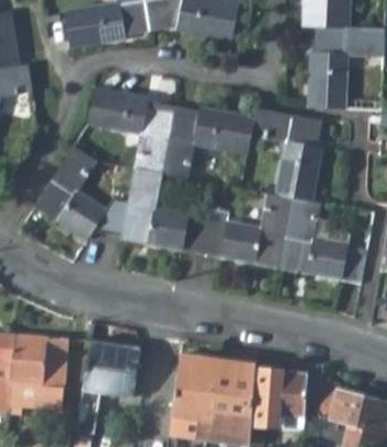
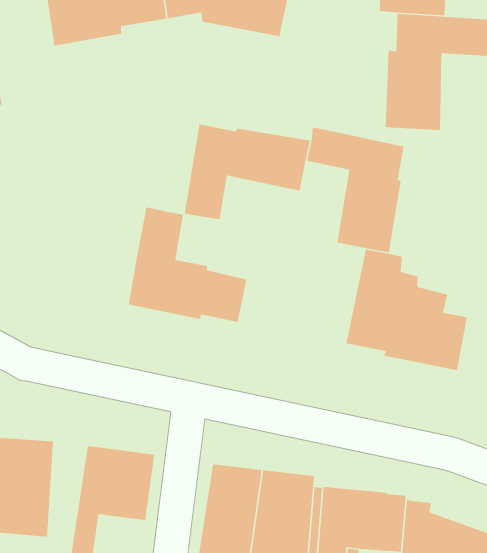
building: [88,89,172,172] -> none
building: [37,144,127,238] -> none
building: [201,182,293,270] -> none

